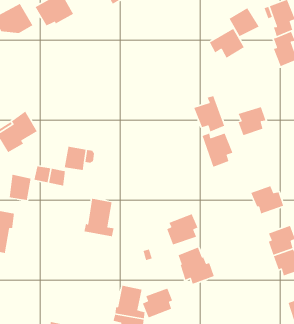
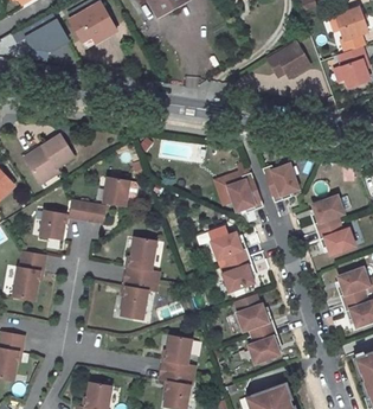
building: [228,7,260,37] -> none
building: [193,95,225,132] -> [225,171,262,213]
building: [238,106,267,136] -> [309,197,342,231]
building: none -> [205,226,249,266]
building: none -> [121,276,157,320]
building: [142,287,173,319] -> [245,327,281,363]

